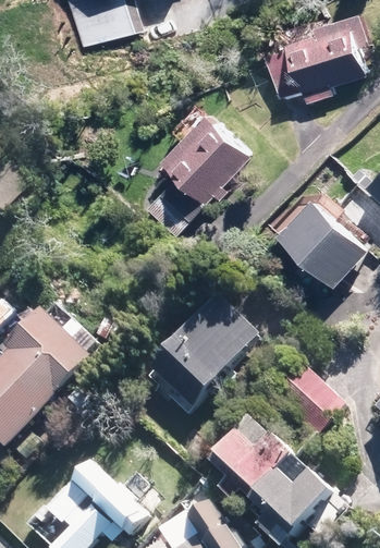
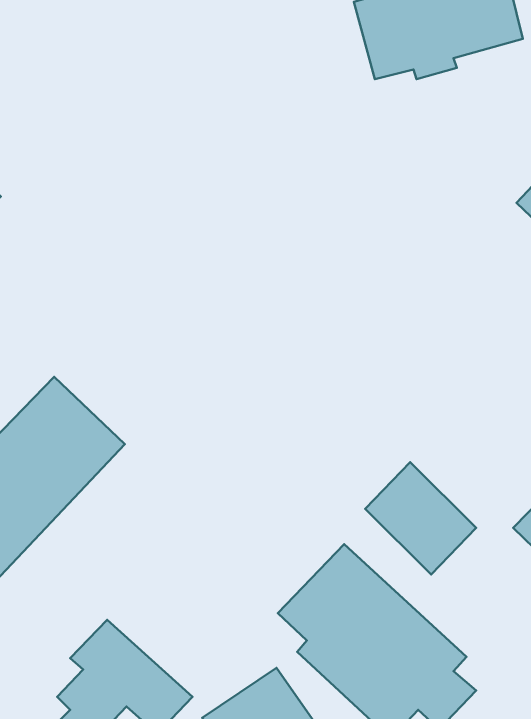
building: [140,112,248,239] -> none
building: [270,184,368,281] -> none
building: [149,293,267,411] -> none

